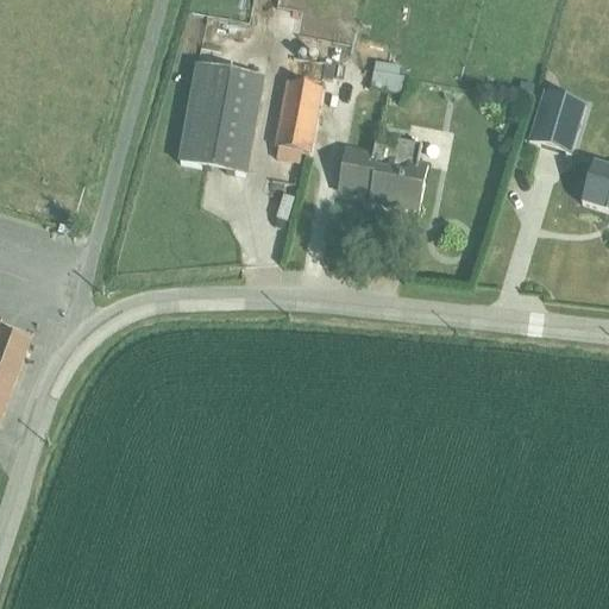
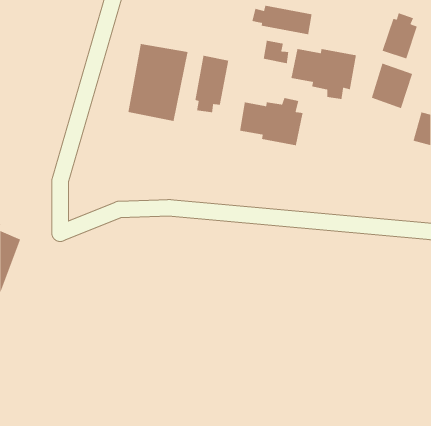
building: none -> [252,5,313,35]
building: none -> [382,12,418,59]
building: none -> [291,48,357,100]

